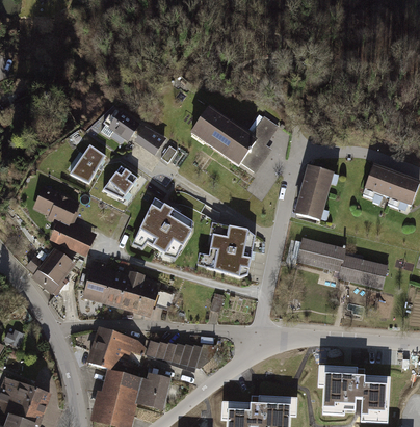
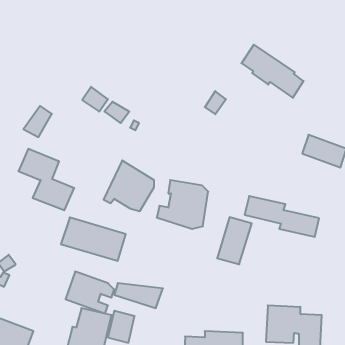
building: [193,109,266,171] -> [241,45,304,98]
building: [71,145,104,182] -> [23,106,52,137]
building: [104,166,137,198] -> none
building: [294,167,335,222] -> [217,217,252,264]
building: [25,245,76,293] -> none

